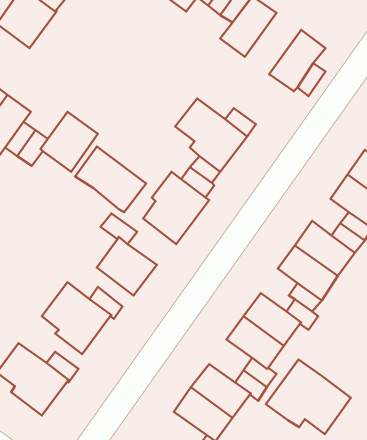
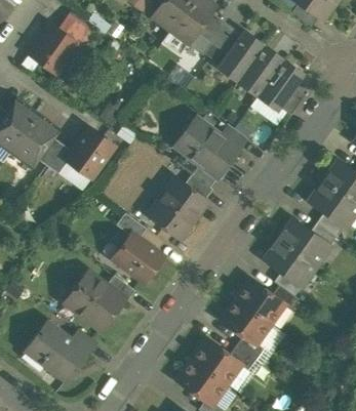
building: none -> [237,45,284,96]
building: [75,146,146,212] -> none
building: [266,359,351,434] -> none

